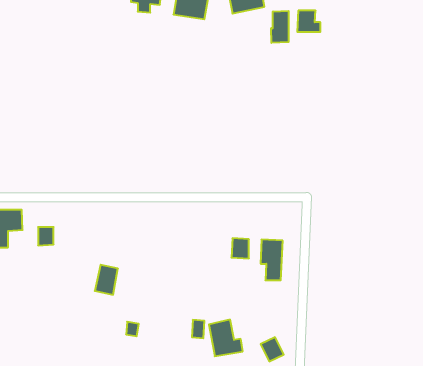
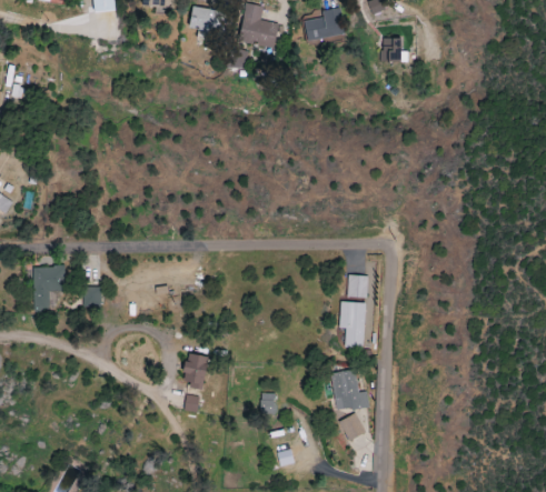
building: [271,11,289,43] -> none
building: [231,238,249,258] -> [347,274,367,298]
building: [95,265,118,295] -> [182,353,209,388]
building: [209,320,243,356] -> [330,369,369,411]

